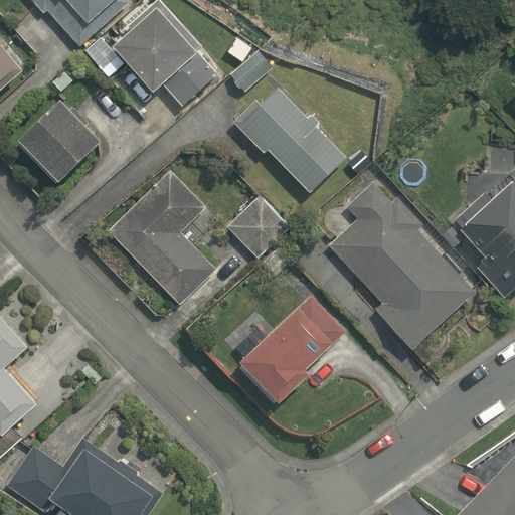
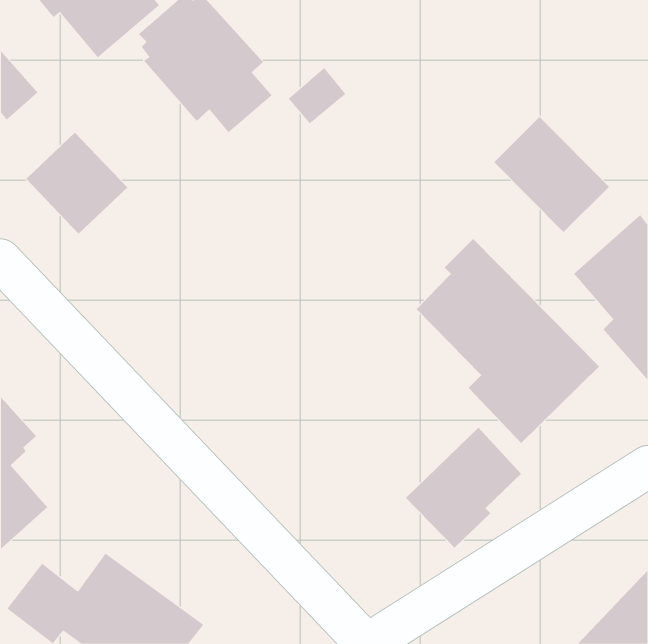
building: [239,91,343,191] -> none
building: none -> [494,116,610,233]
building: [110,172,213,303] -> none
building: [226,192,292,258] -> none
building: [241,310,334,406] -> [405,427,522,549]

